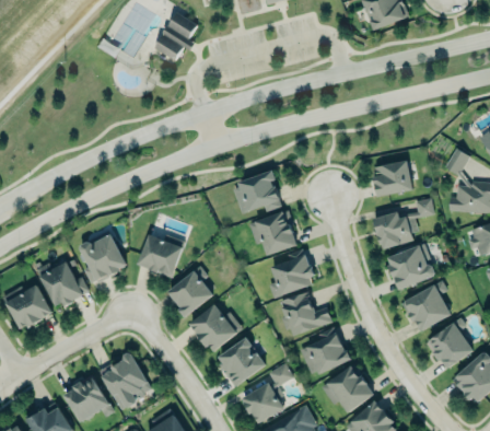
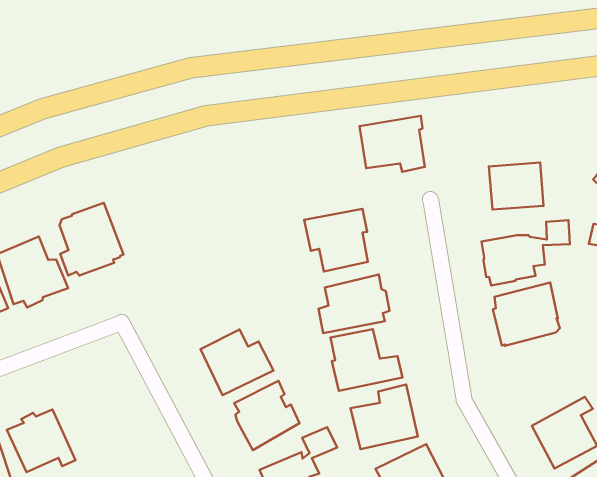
building: [231,171,280,212] -> [359,116,425,172]
building: [138,234,185,277] -> none
building: [166,266,213,315] -> none
building: [399,280,451,328] -> none
building: [103,353,151,409] -> none

